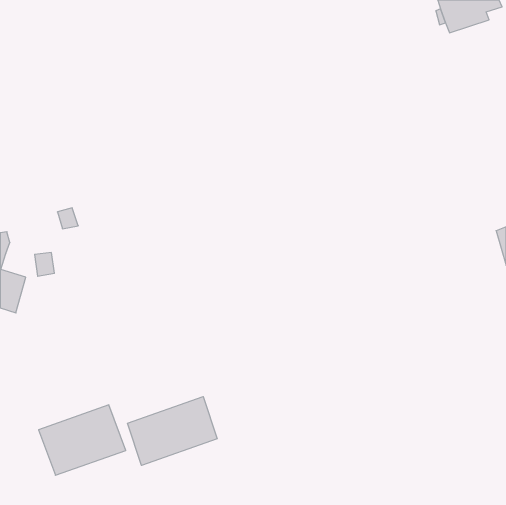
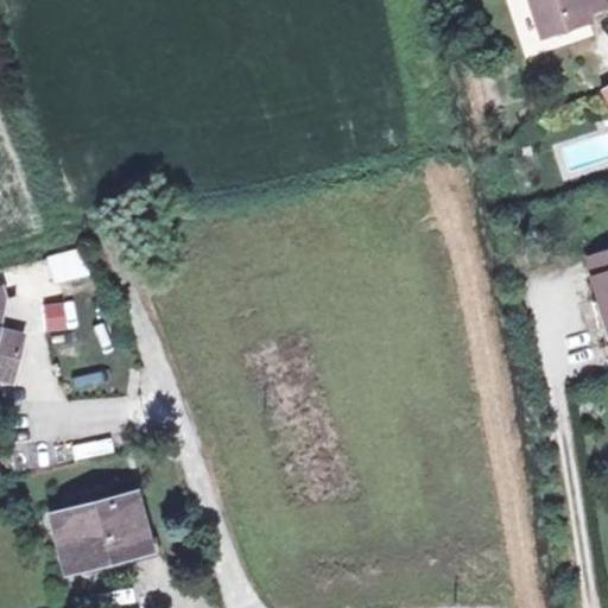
building: [127,397,217,465] -> none

